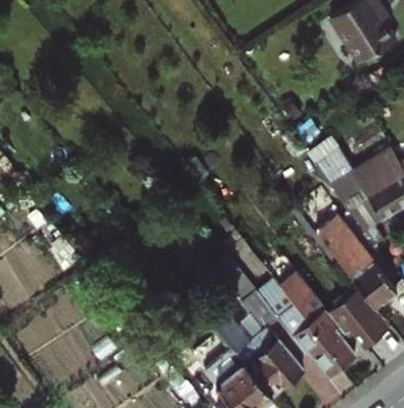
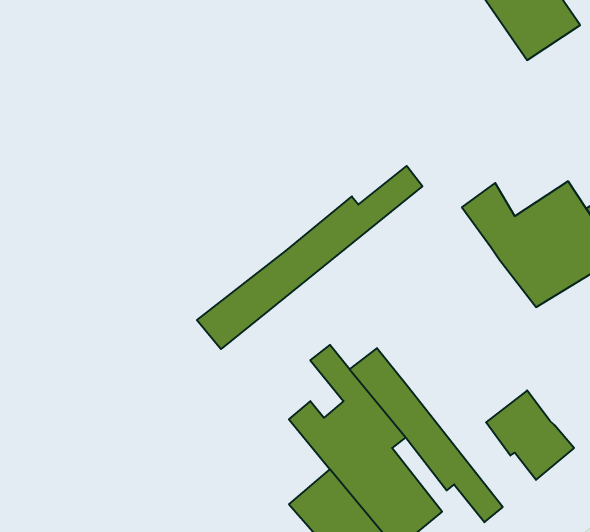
building: none -> [197,166,422,349]
building: [318,216,398,308] -> none
building: [279,267,356,366] -> none

